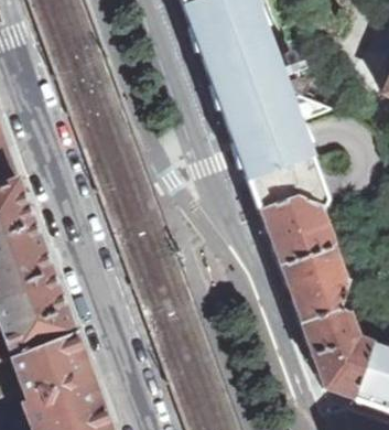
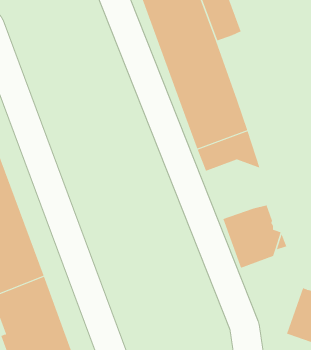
building: [262,197,336,266] -> none
building: [303,309,375,399] -> none

